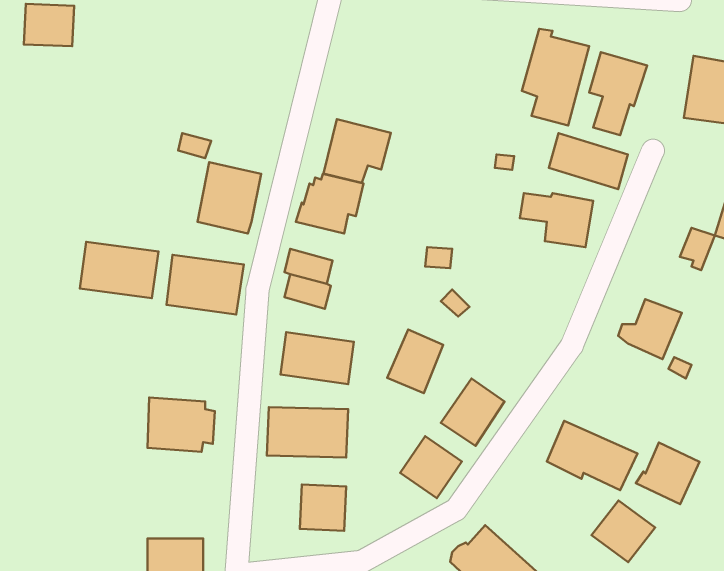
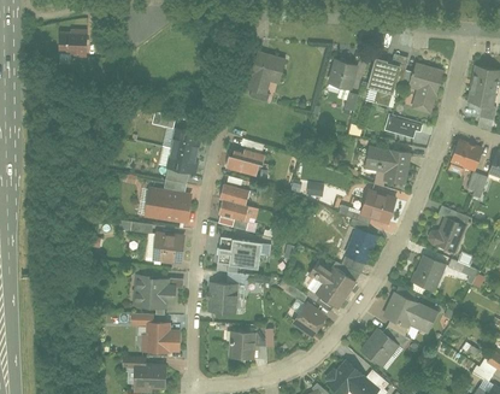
building: none -> [327,57,357,88]
building: [323,119,391,183] -> [245,51,287,90]
building: none -> [449,139,482,170]
building: [80,242,158,298] -> none
building: none -> [359,188,398,223]
building: none -> [152,231,184,265]
building: [387,330,443,393] -> [343,224,378,264]
building: [636,443,700,504] -> [407,253,447,292]
building: none -> [145,321,181,353]
building: [592,500,655,562] -> [359,327,399,365]

